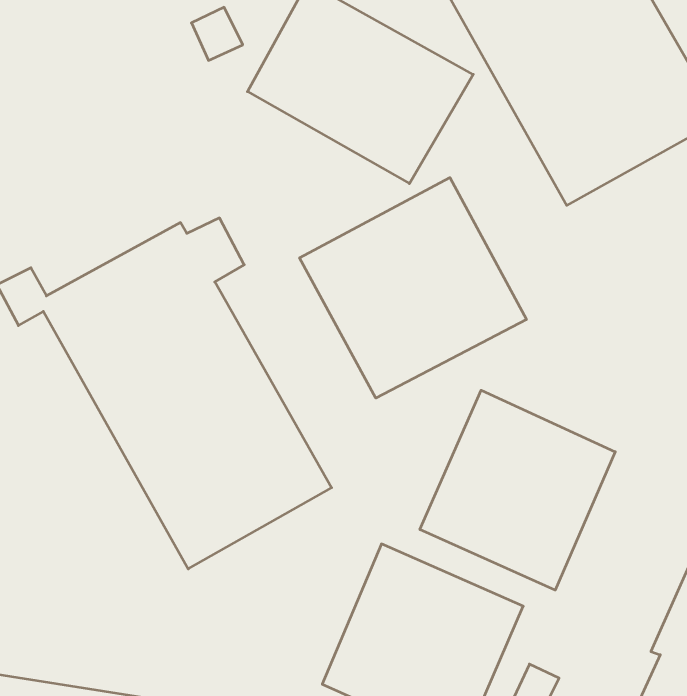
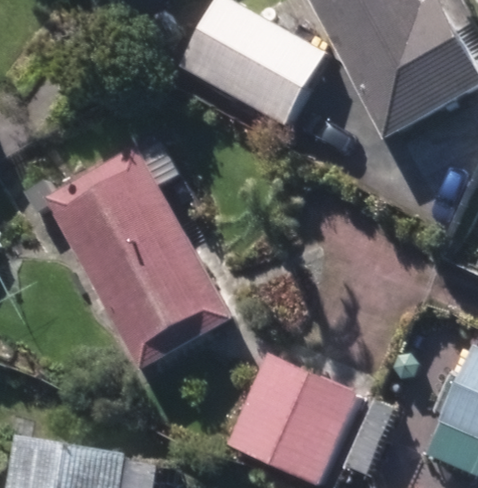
building: [300,178,526,398] -> none
building: [420,390,615,590] -> none

